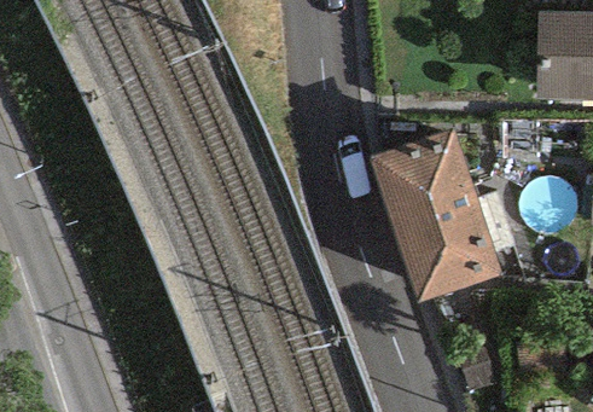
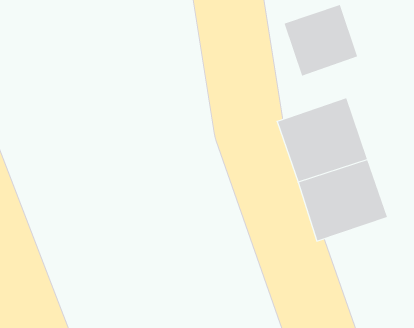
building: none -> [284,4,358,76]

